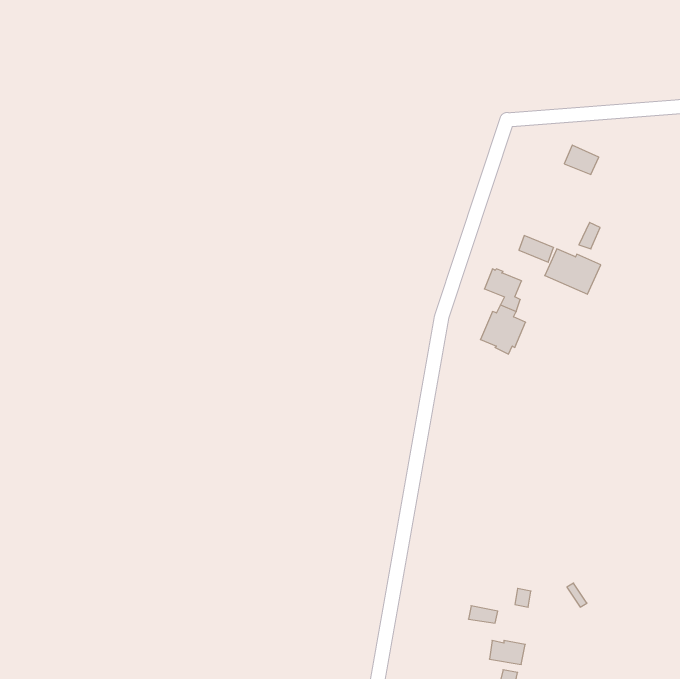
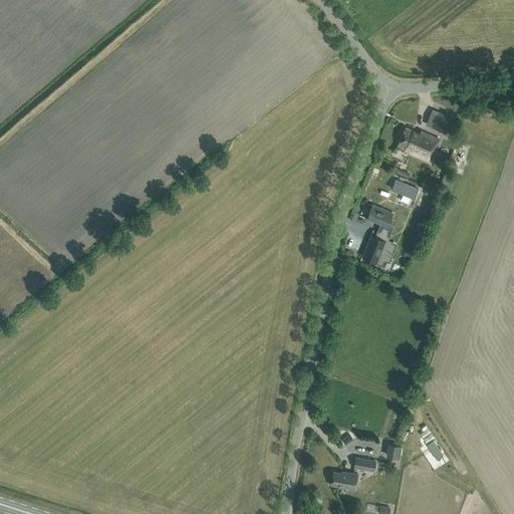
building: [545,249,601,294] -> [397,127,439,162]
building: [489,640,525,664] -> [330,471,357,489]

